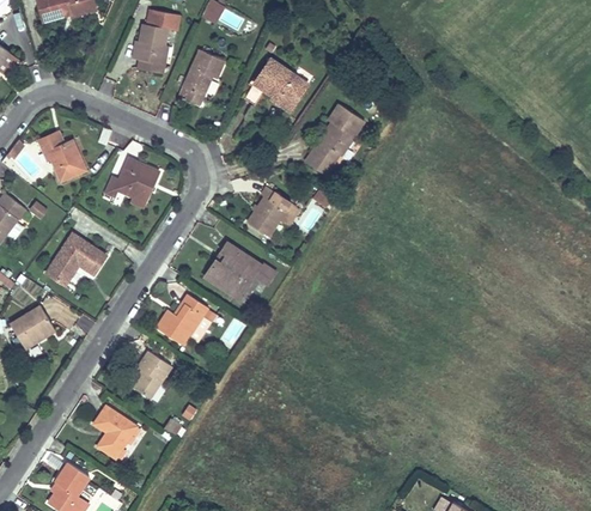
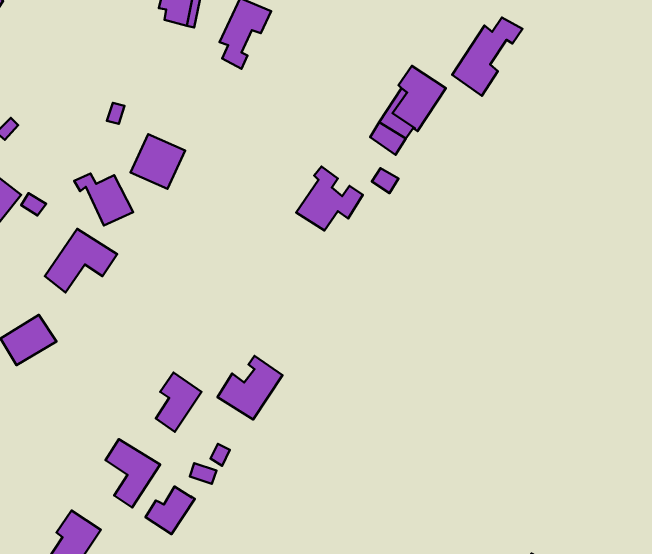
building: [255,57,310,103] -> none
building: none -> [452,17,522,96]
building: [37,138,85,180] -> [74,174,133,225]
building: [208,242,264,293] -> none
building: [156,293,208,345] -> [217,356,283,419]
building: none -> [146,486,195,534]

